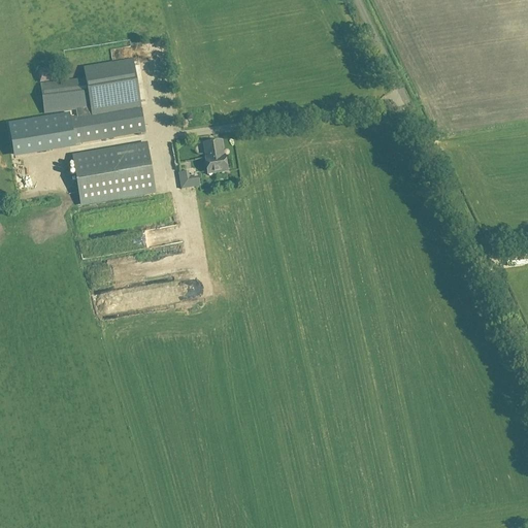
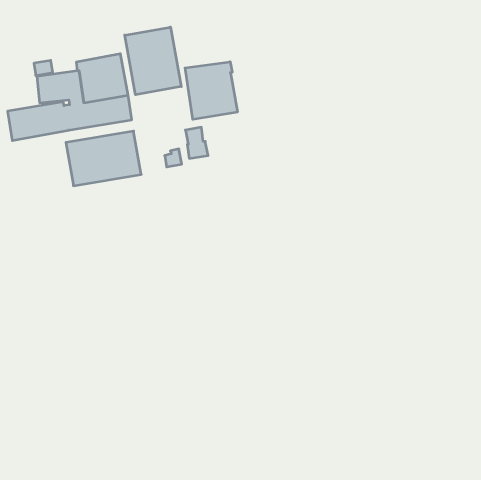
building: none -> [125,27,181,95]
building: none -> [185,62,237,119]

